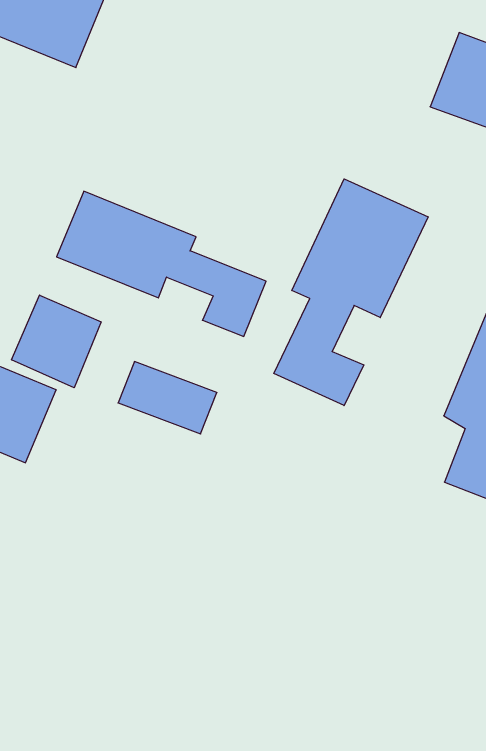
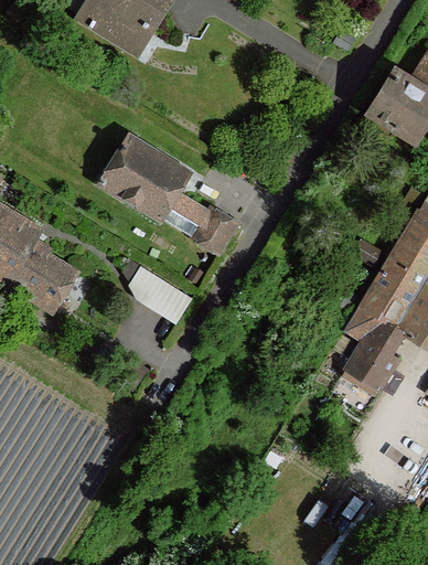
building: [274,179,428,406] -> none
building: [12,295,101,388] -> none

